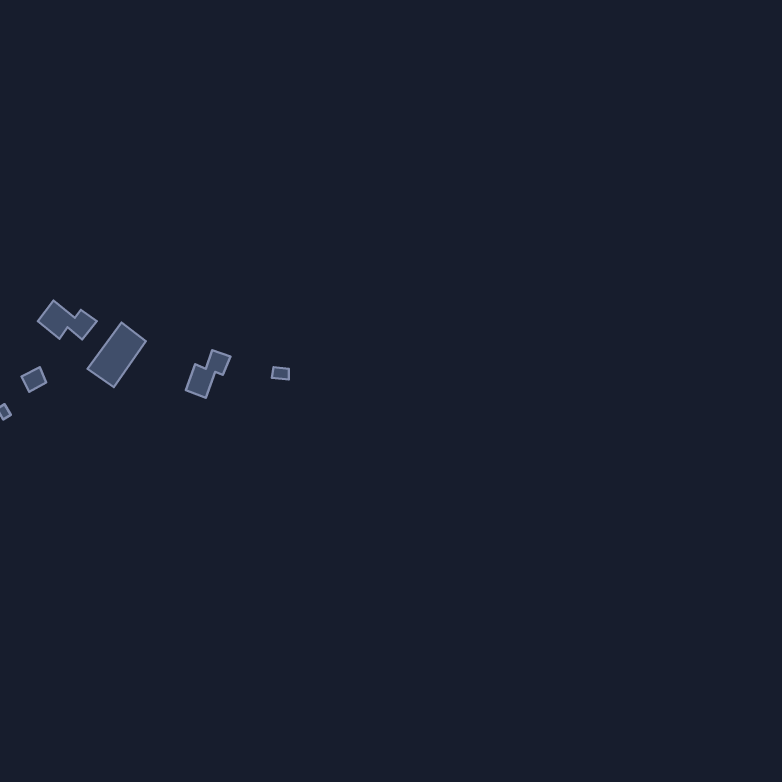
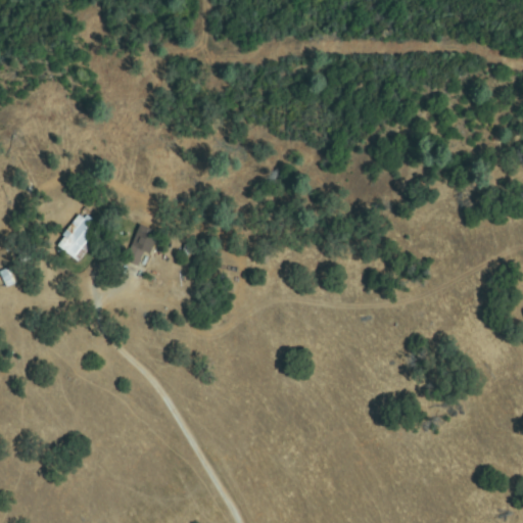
building: [38,300,97,340] -> none

